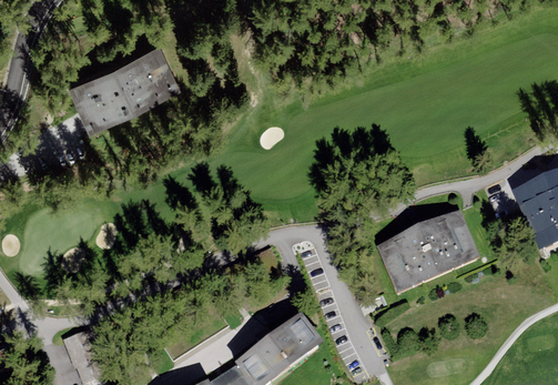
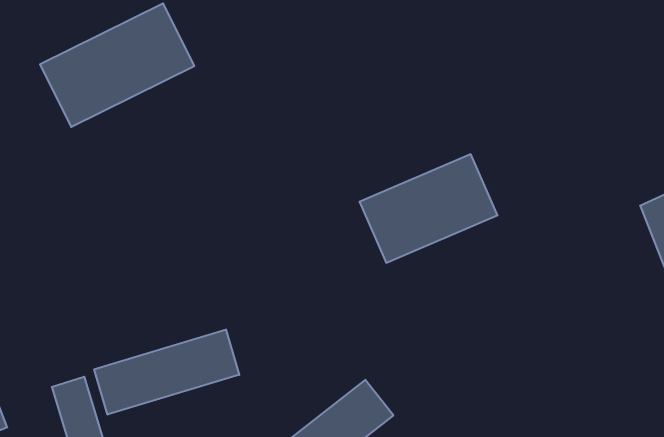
building: [374,207,477,288] -> [359,154,498,263]
building: none -> [94,329,239,415]

